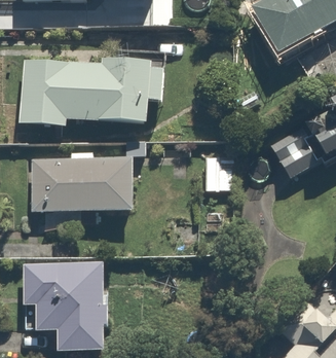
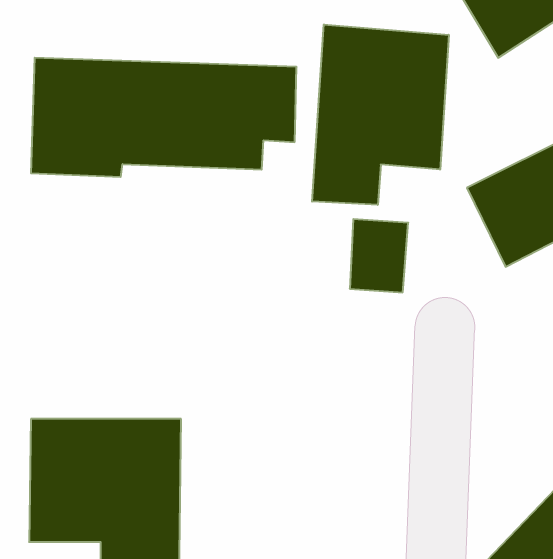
building: none -> [312,24,449,205]
building: [29,148,135,213] -> none

